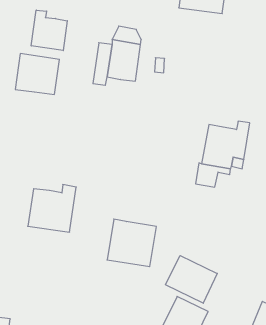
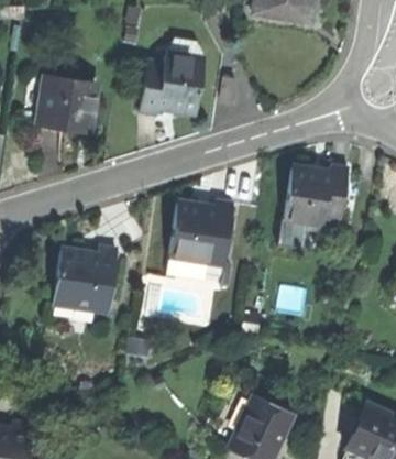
building: [31,10,67,51] -> none
building: [107,219,156,267] -> [179,200,244,263]
building: [165,256,217,303] -> none

